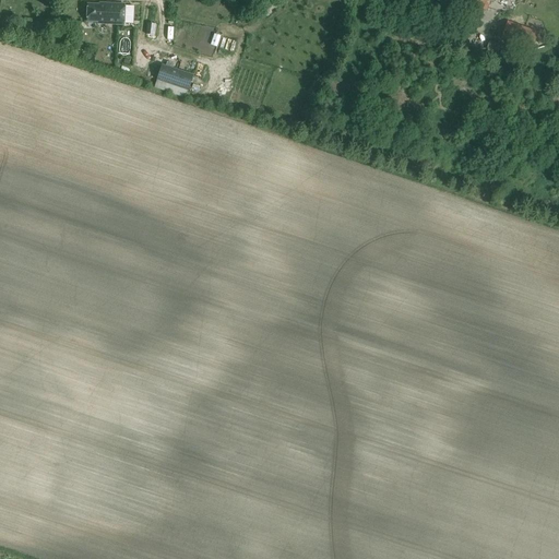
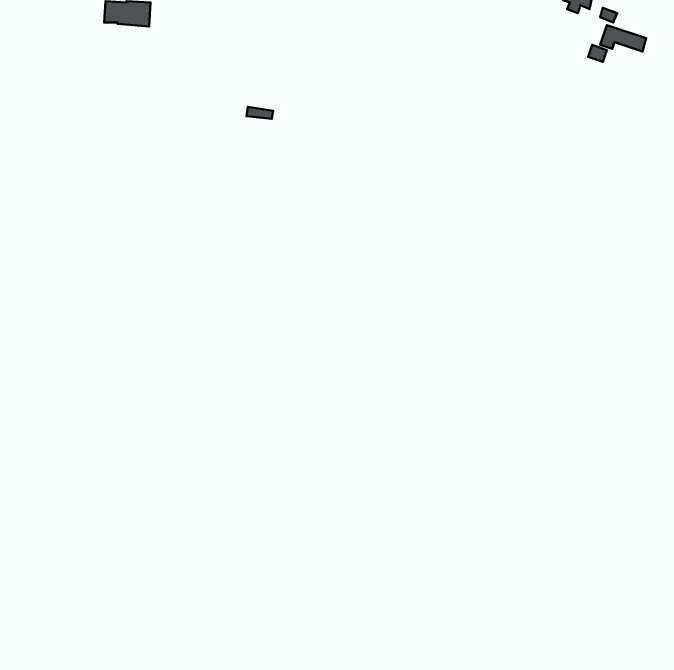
building: [156,62,192,87] -> none

